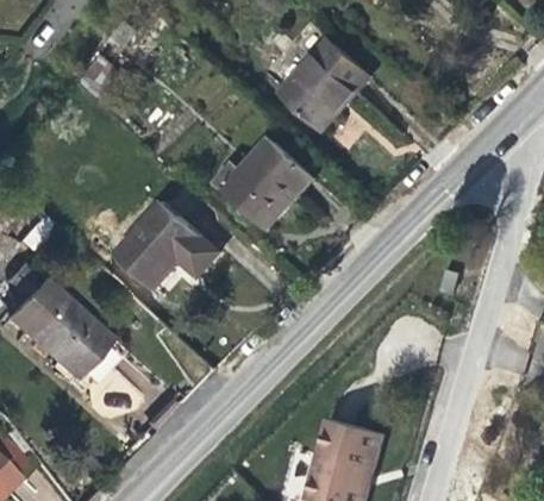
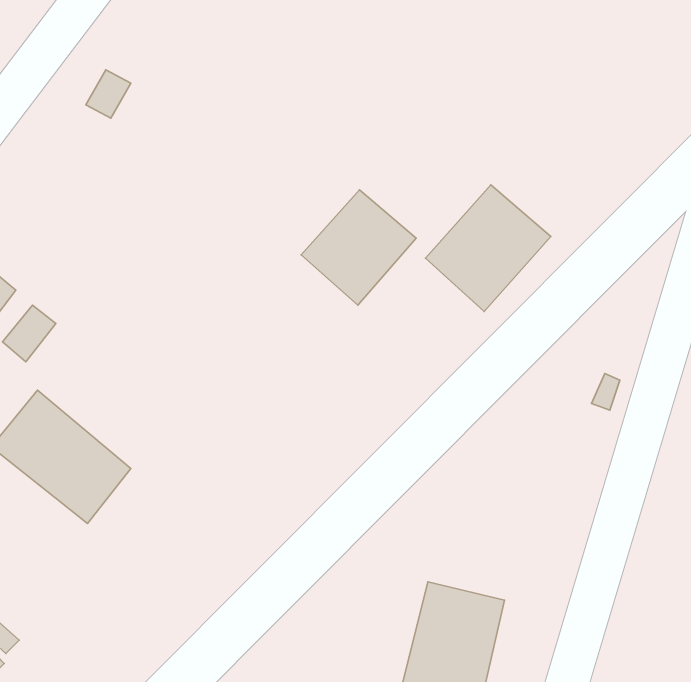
building: [284,42,374,132] -> [426,185,551,312]
building: [115,201,213,284] -> none

